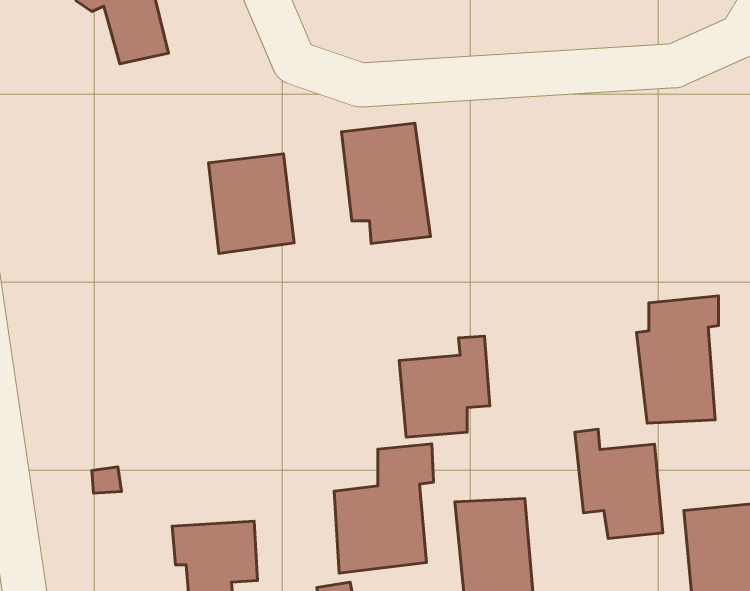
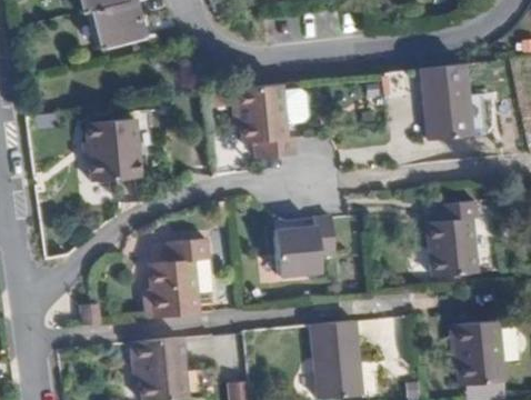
building: none -> [423,63,477,141]
building: [208,154,294,253] -> [82,113,137,177]
building: [575,429,663,538] -> none
building: [334,444,434,573] -> [151,230,214,312]

